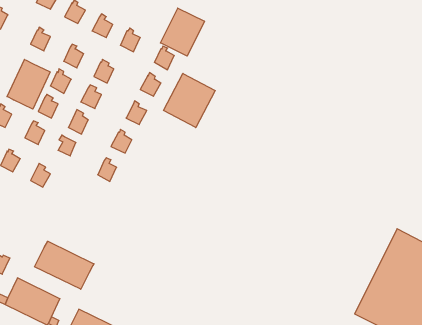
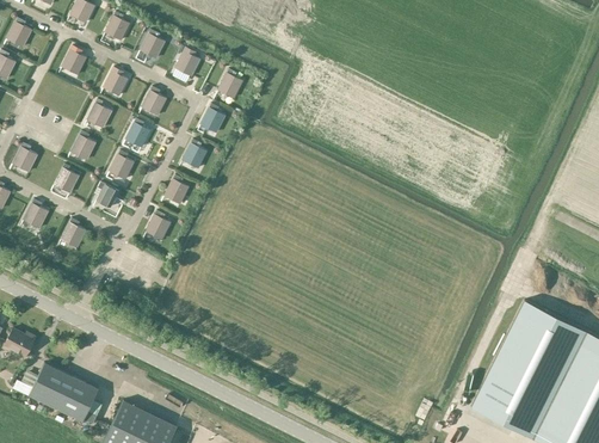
building: [160,8,204,56] -> none
building: [7,59,50,109] -> none
building: [164,73,215,128] -> none
building: [35,241,94,289] -> none

